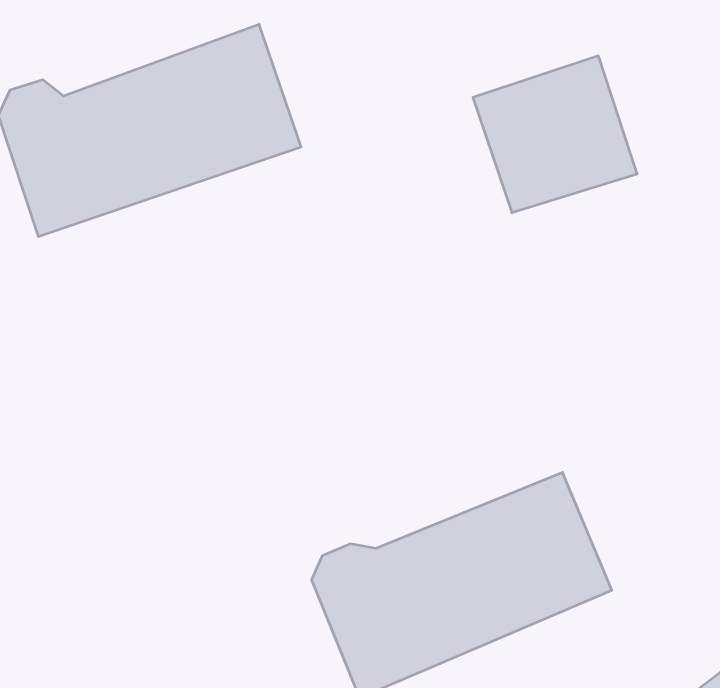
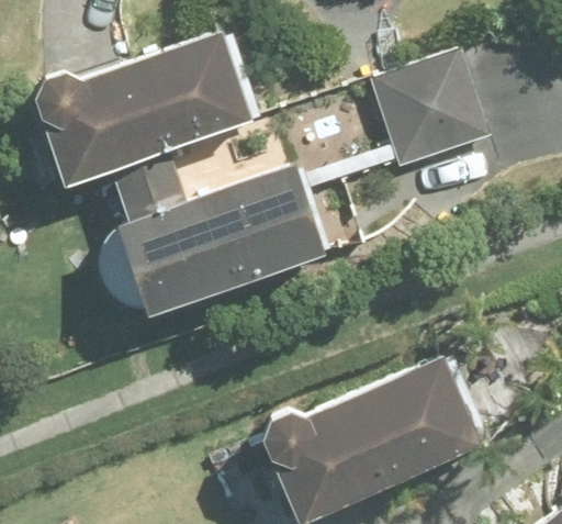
building: none -> [113,166,325,315]

